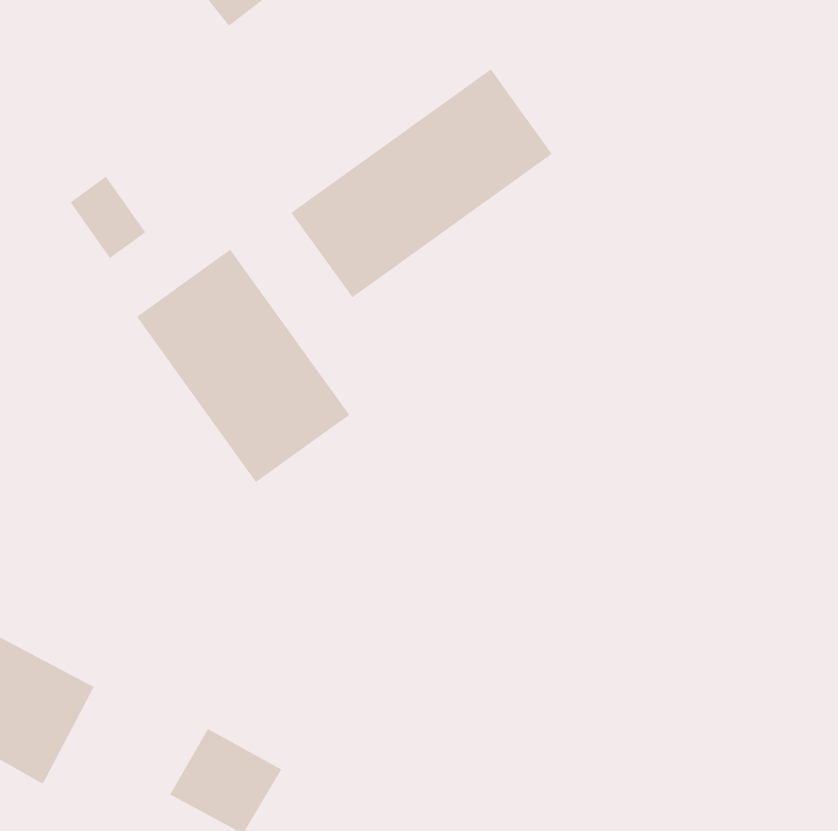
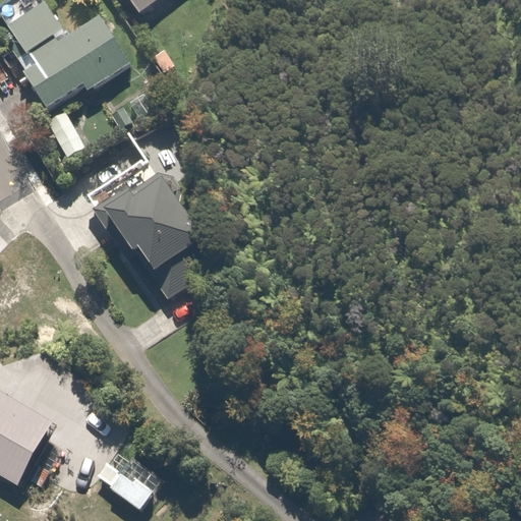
building: none -> [9,7,126,111]
building: [291,68,553,298] -> none

